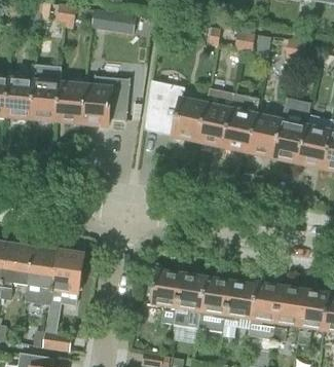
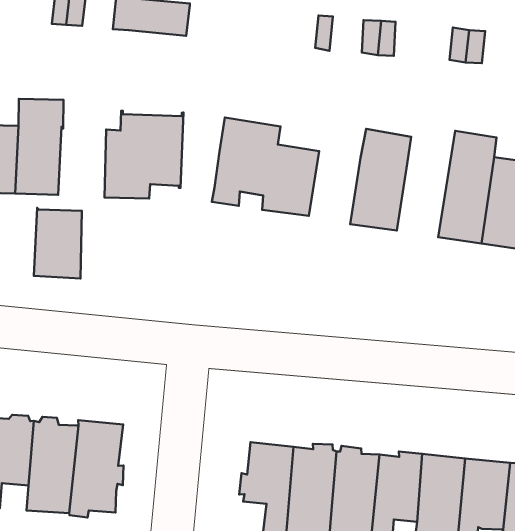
building: [53,80,83,122] -> [34,208,82,279]
building: [197,87,233,146] -> none
building: [248,113,280,156] -> none

